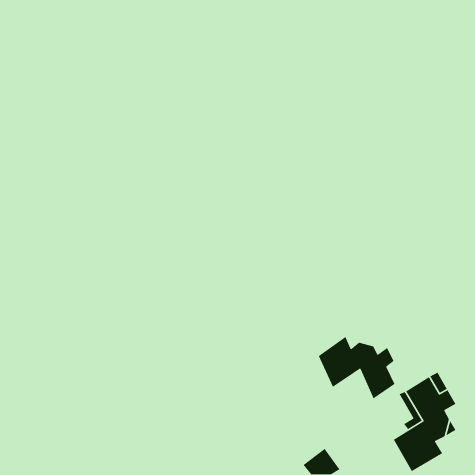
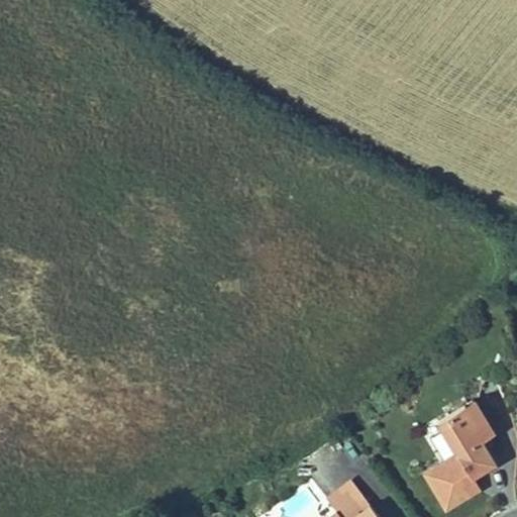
building: [318,336,395,399] -> none

